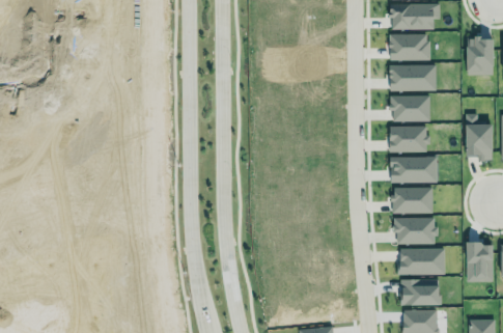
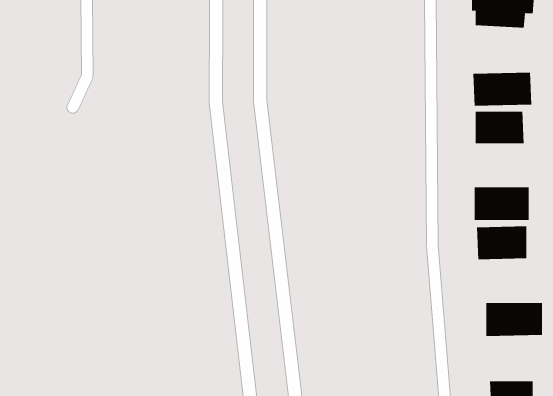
building: [390,34,429,60] -> none
building: [389,126,428,152] -> none
building: [395,217,436,244] -> none
building: [401,279,440,305] -> none

